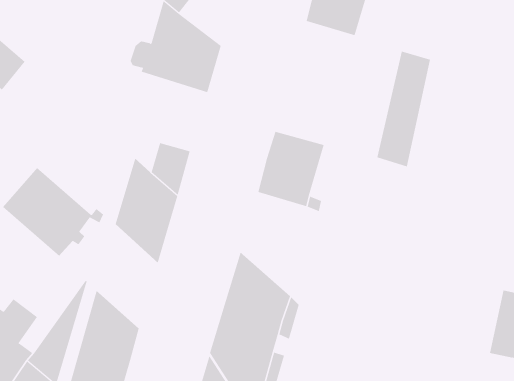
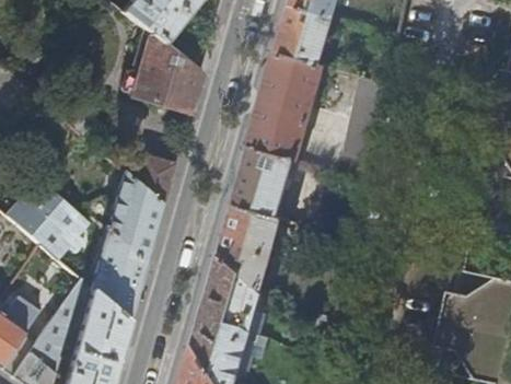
building: none -> [249,50,322,158]
building: none -> [218,202,281,289]
building: none -> [90,229,146,321]

